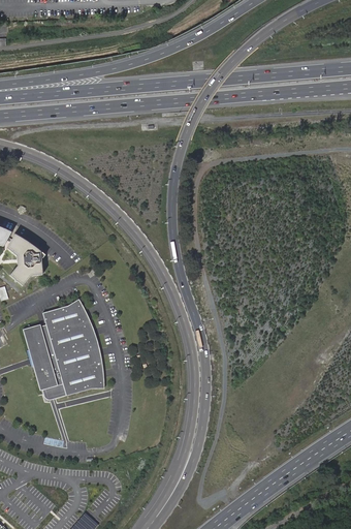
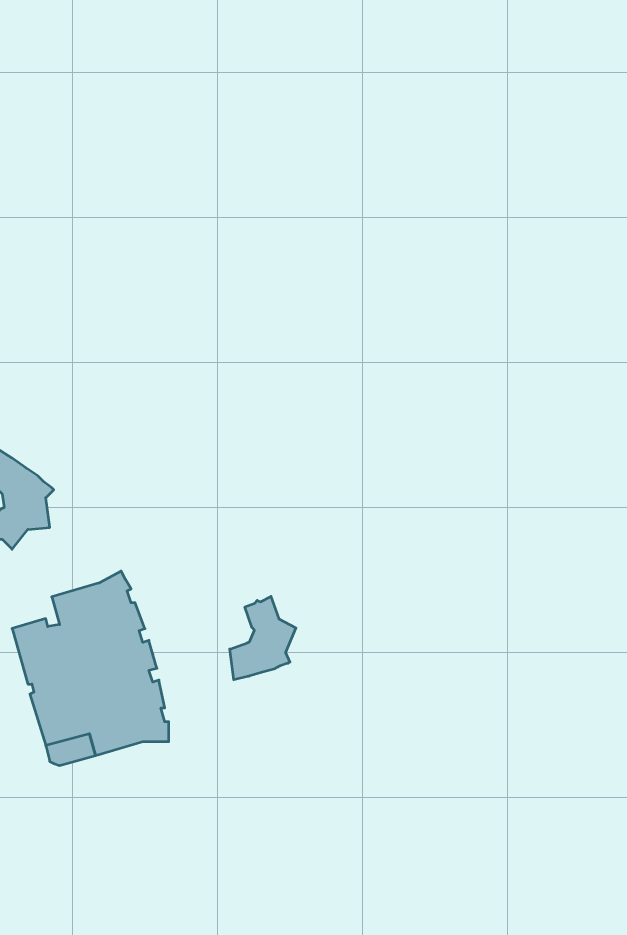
building: none -> [230,596,296,680]

